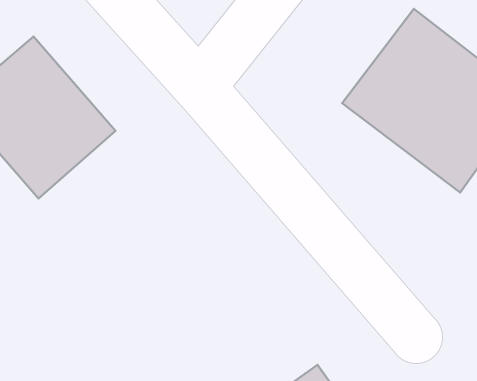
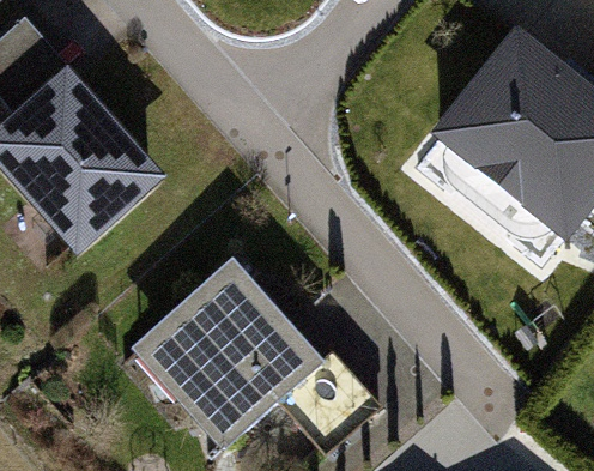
building: none -> [140,258,329,449]

